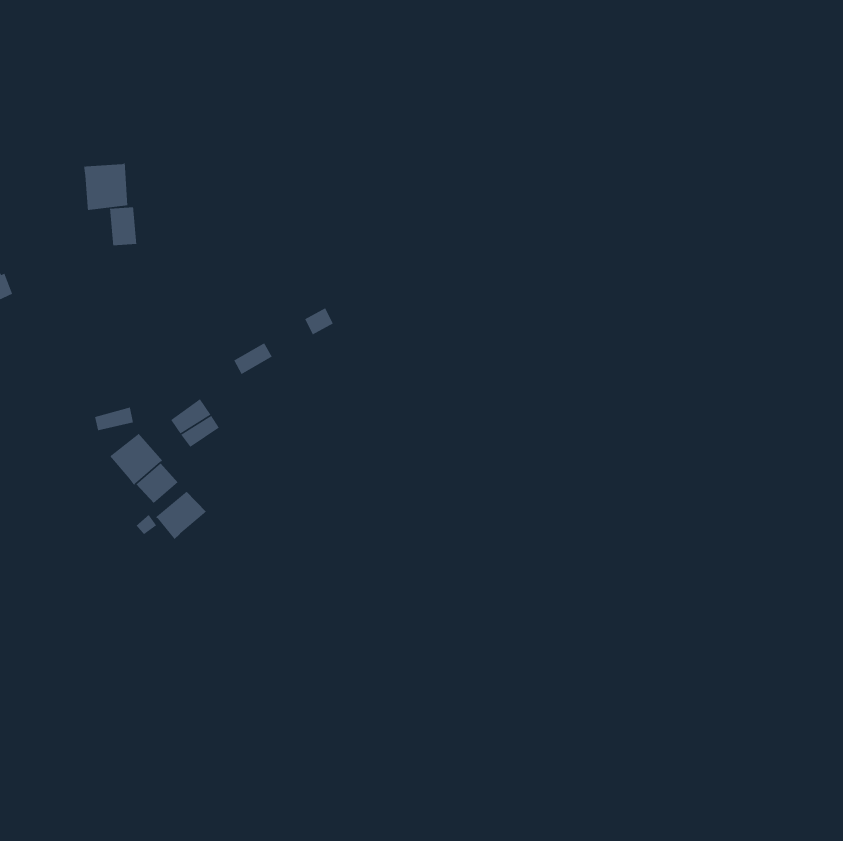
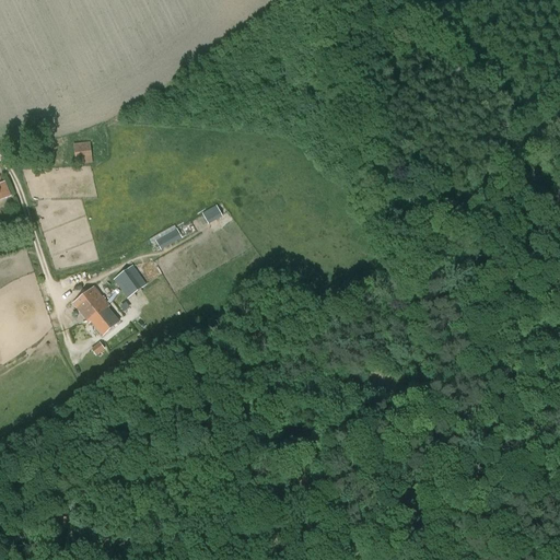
building: [83,162,128,211] -> none
building: [154,491,207,540] -> none

